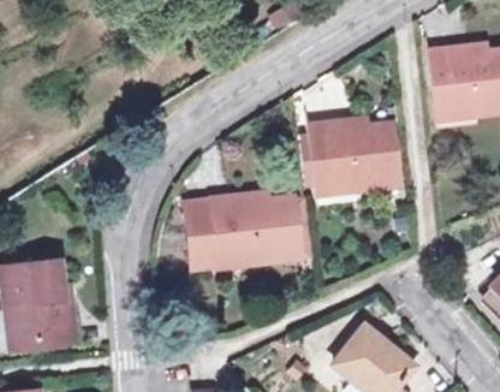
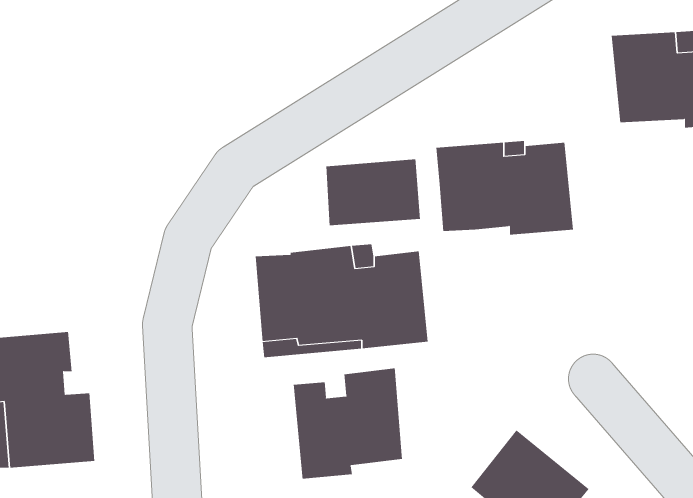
building: none -> [326,159,420,226]
building: none -> [293,367,403,479]

